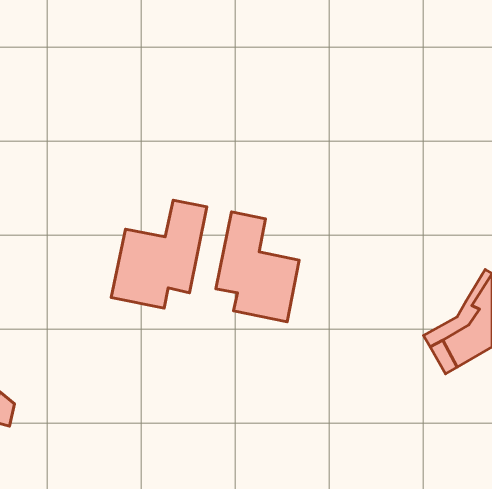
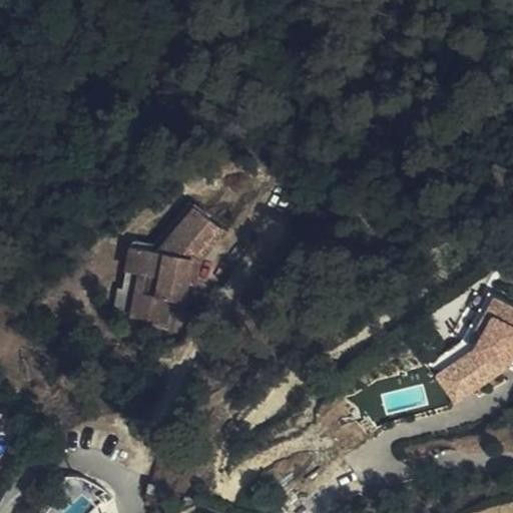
building: [216,212,299,322] -> none

